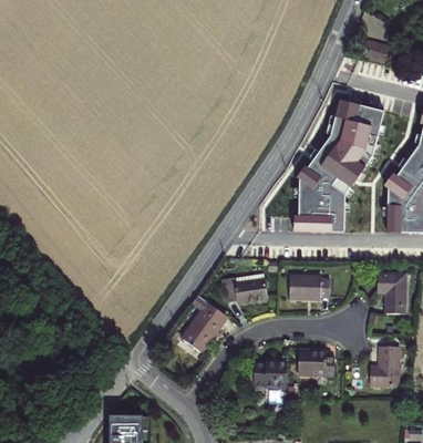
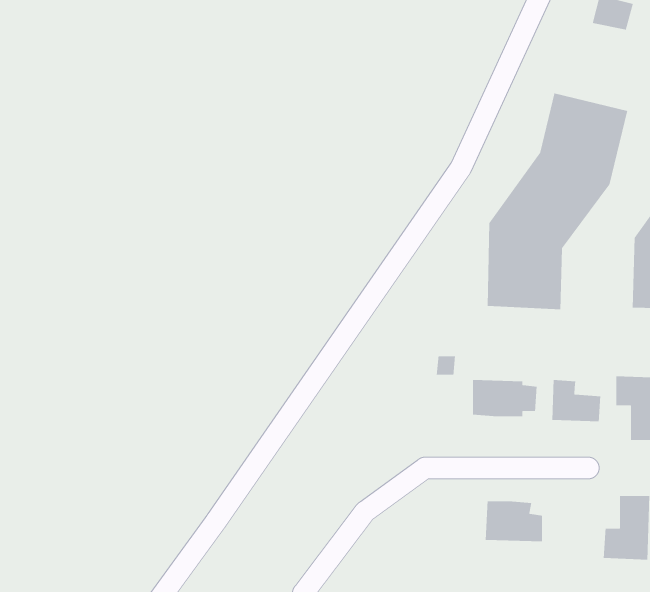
building: [220,274,266,302] -> none
building: none -> [552,379,601,422]
building: [180,293,226,351] -> none
building: [252,360,287,390] -> none

